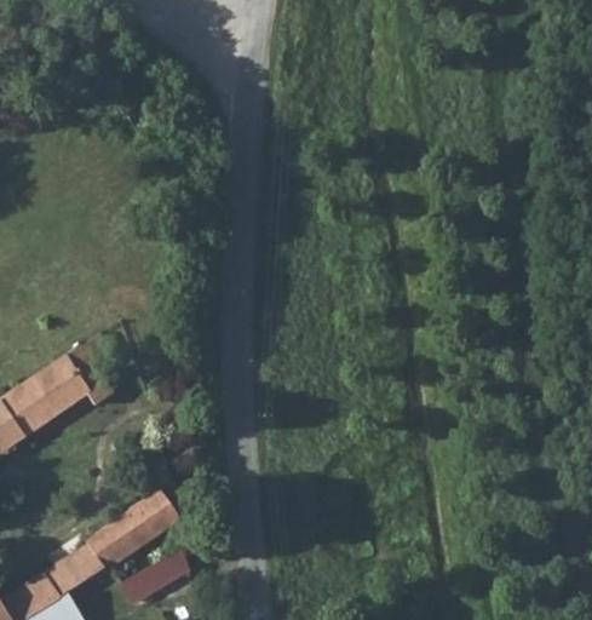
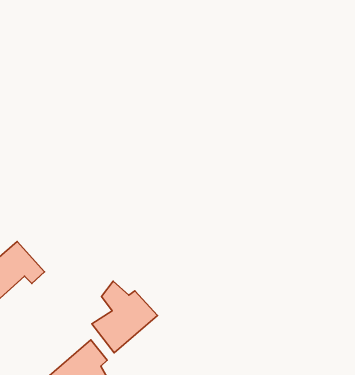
building: none -> [92,281,157,353]

